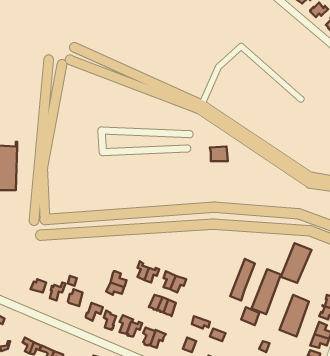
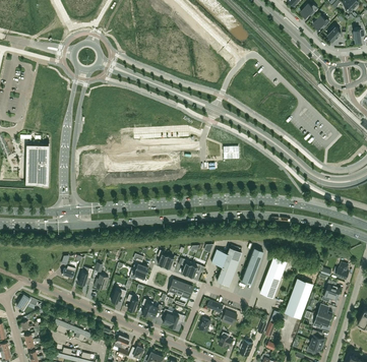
building: [281,243,311,283] -> none
building: none -> [211,247,241,285]

